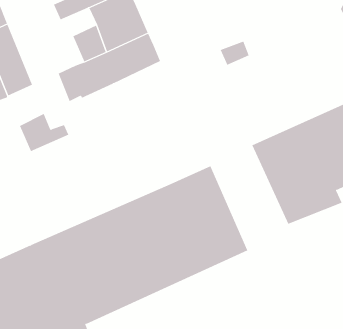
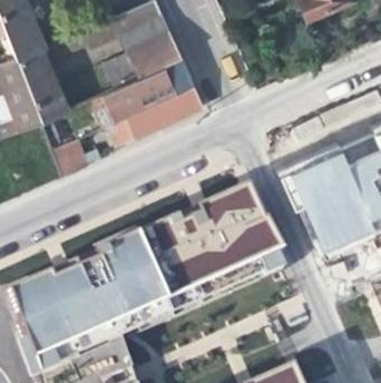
building: none -> [114,86,205,148]

